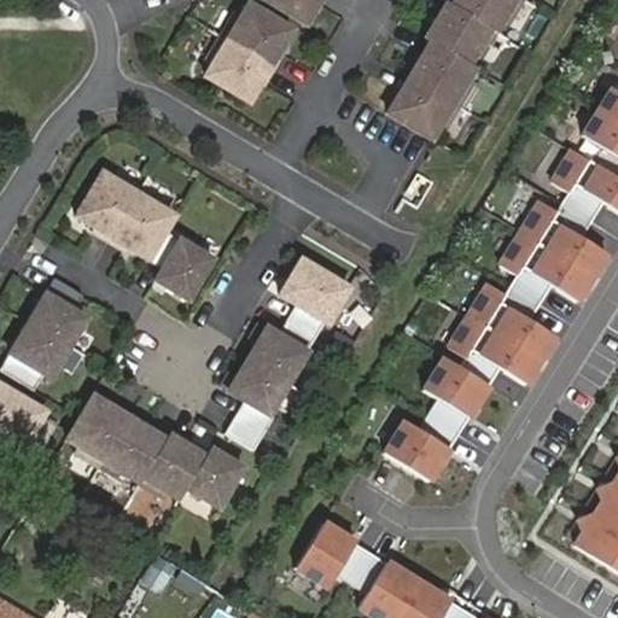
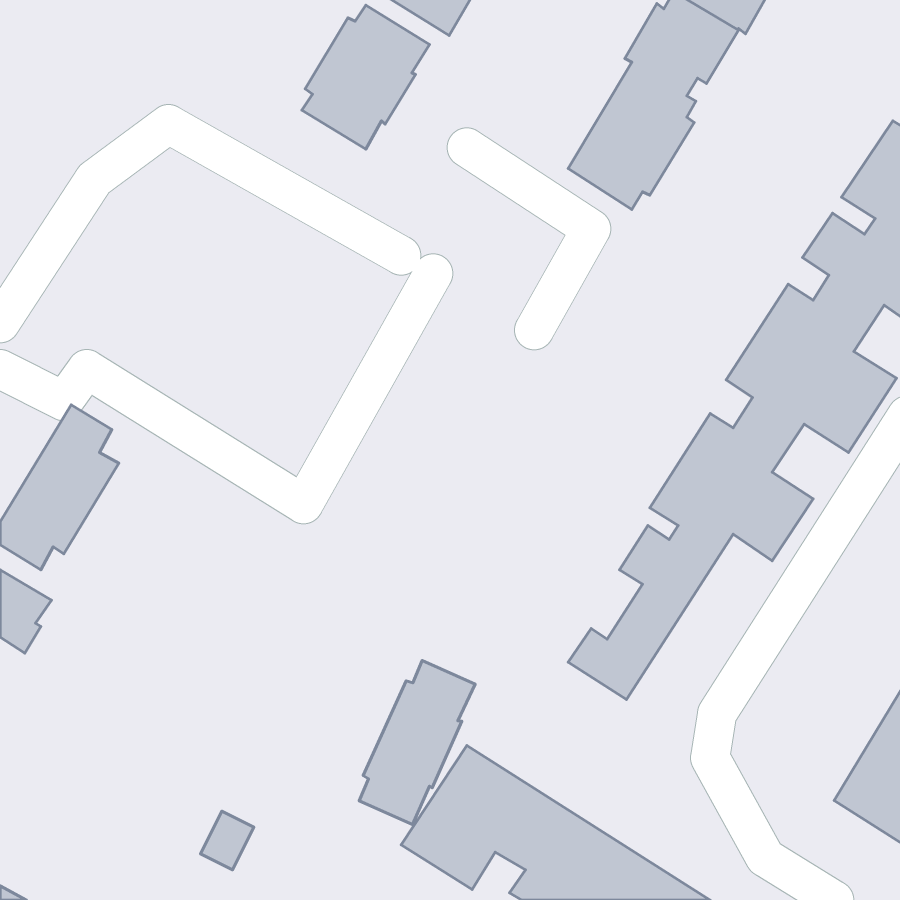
building: [77,171,214,299] -> none
building: [226,260,350,450] -> none
building: [65,393,241,507] -> none
building: none -> [359,660,475,825]

